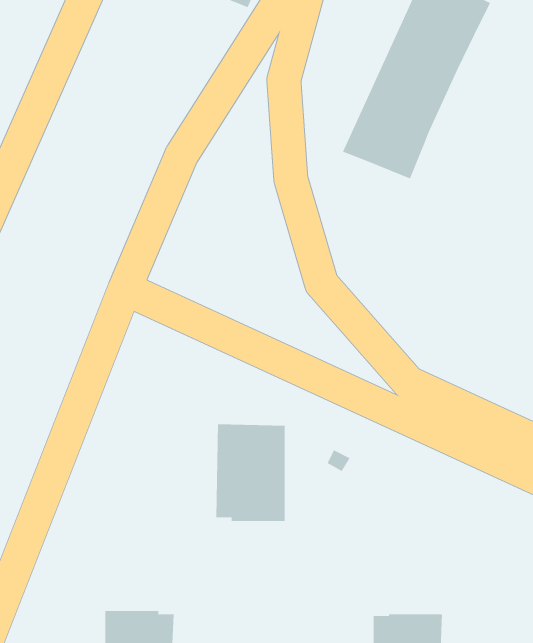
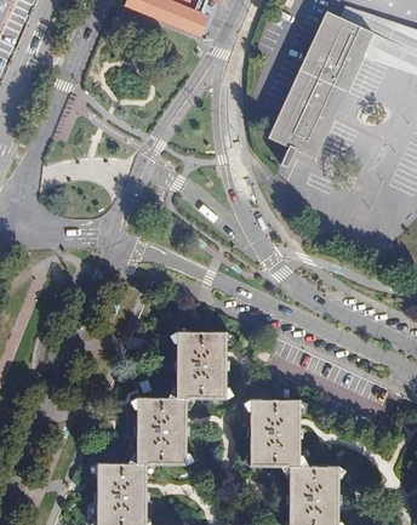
building: none -> [137,398,188,466]
building: none -> [250,400,299,467]

